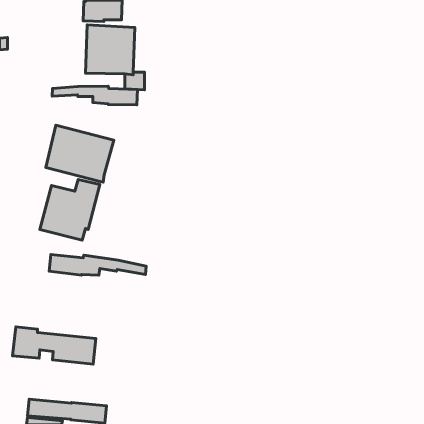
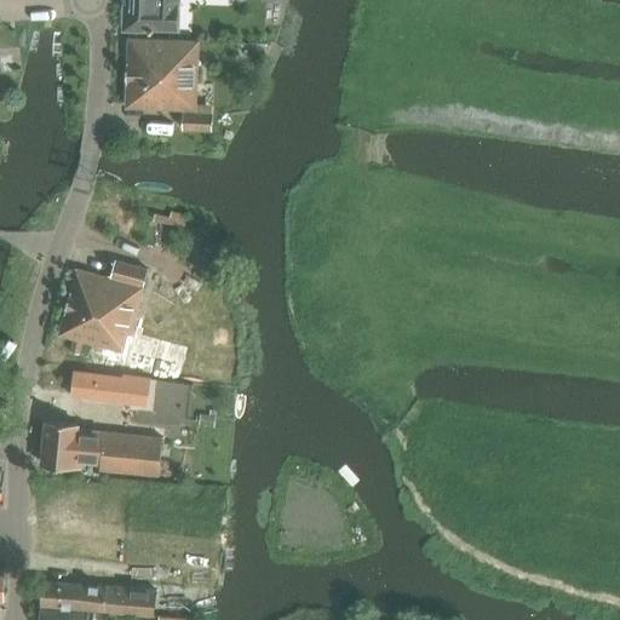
building: [52,86,137,105] -> none
building: [46,125,114,182] -> none
building: [13,327,96,364] -> [40,423,161,477]

